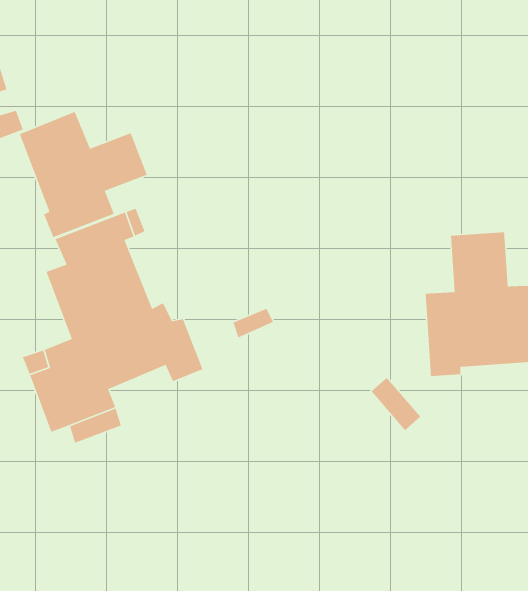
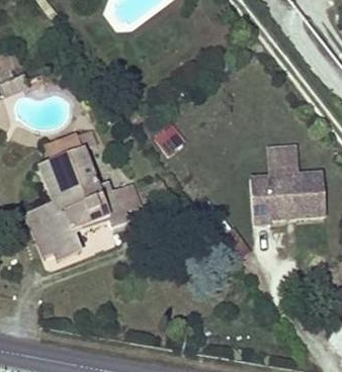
building: [19,111,148,238] -> none

